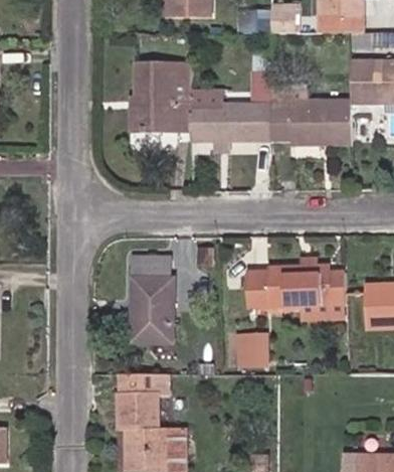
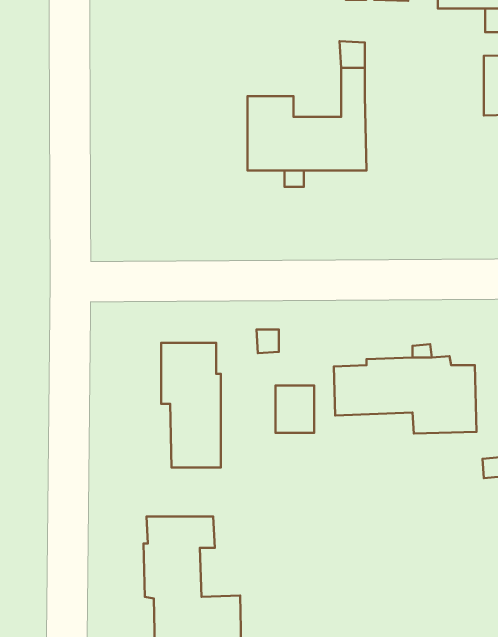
building: [132,63,190,130] -> none
building: [269,90,350,144] -> none
building: [239,332,265,364] -> [276,385,314,433]

